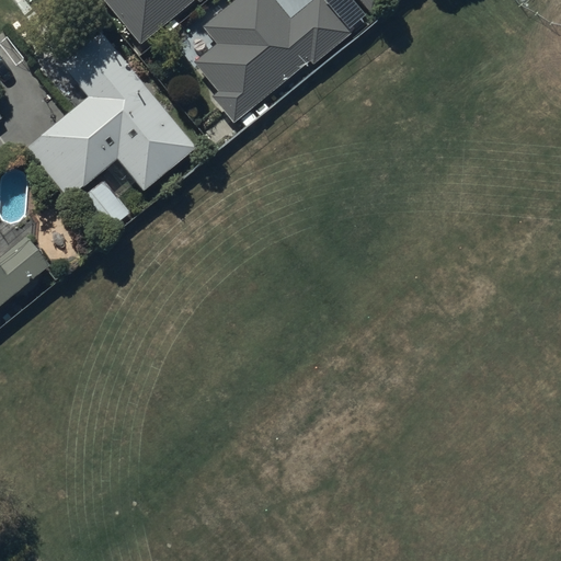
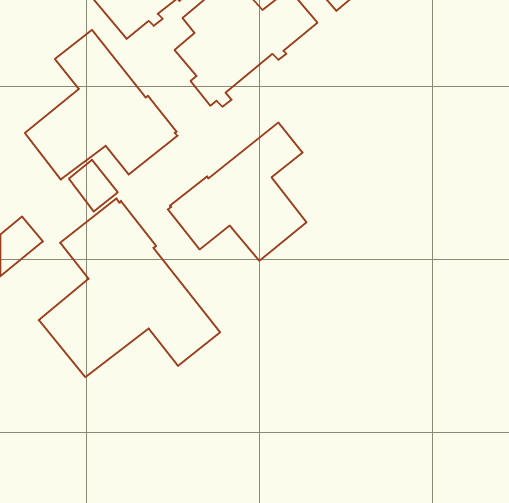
building: none -> [168,123,306,261]
building: none -> [39,198,220,377]

